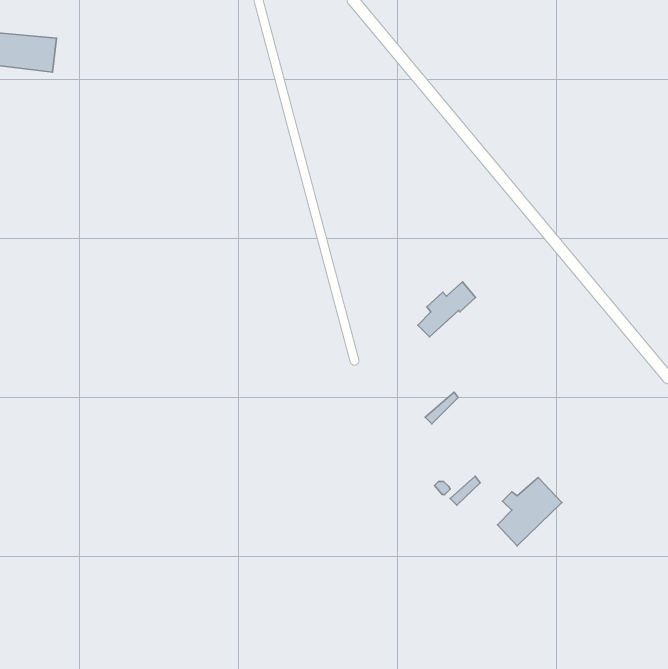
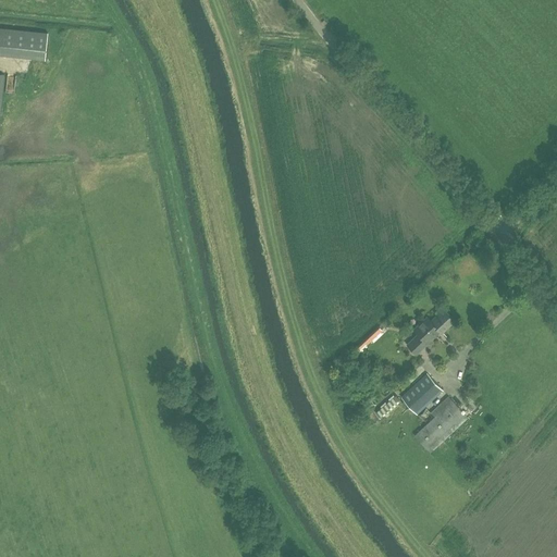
building: [418,282,476,337] -> [405,309,453,355]
building: none -> [399,373,441,416]

